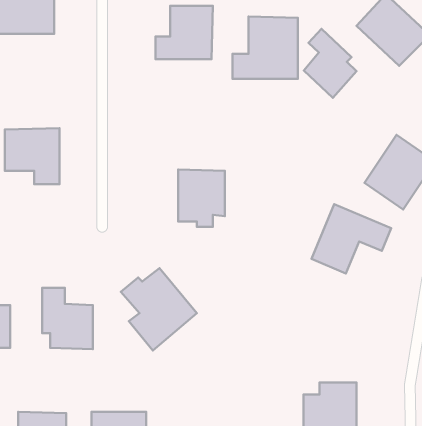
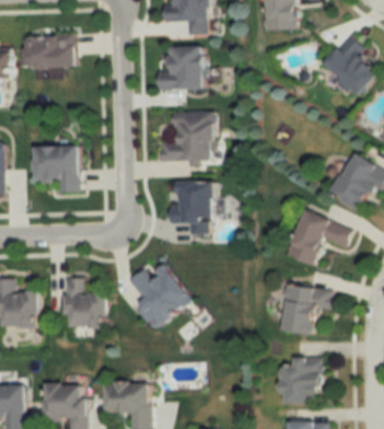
building: [233,16,298,79] -> [160,111,213,162]
building: [304,29,357,98] -> none
building: none -> [280,286,331,334]

